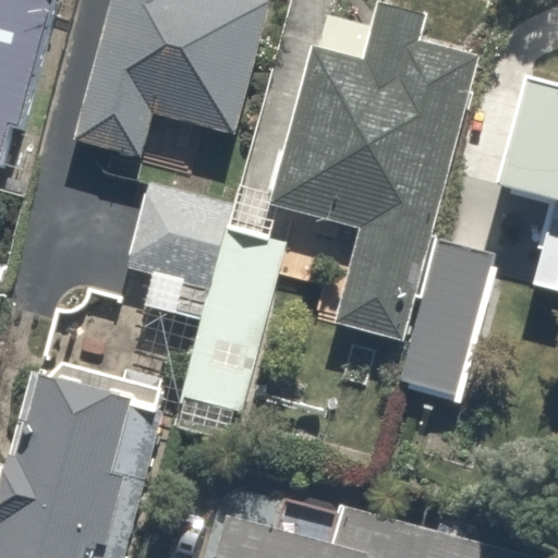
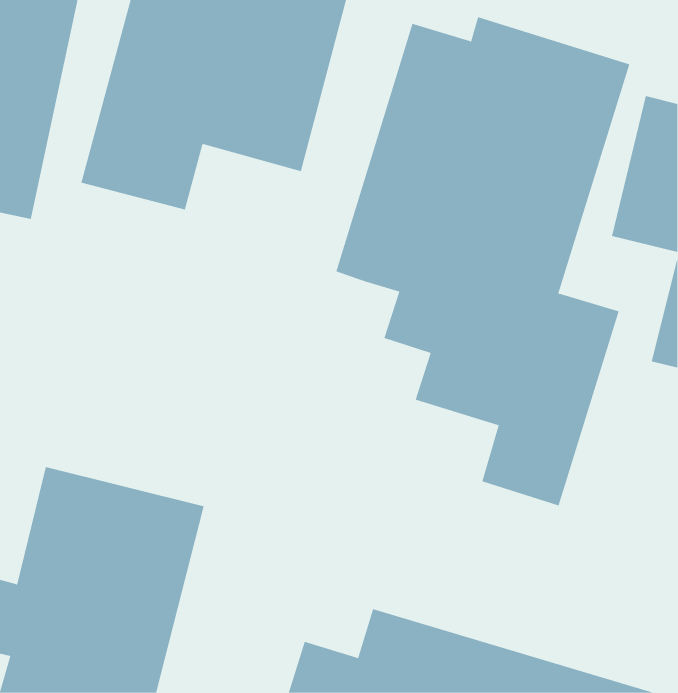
building: [128,182,290,411] -> none

